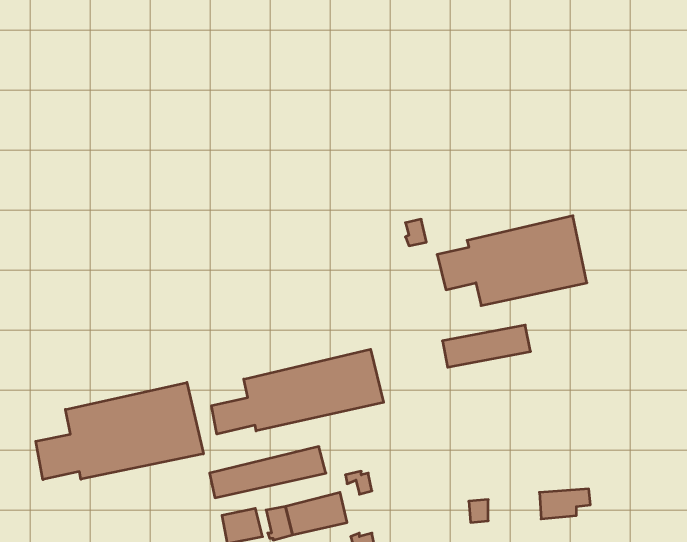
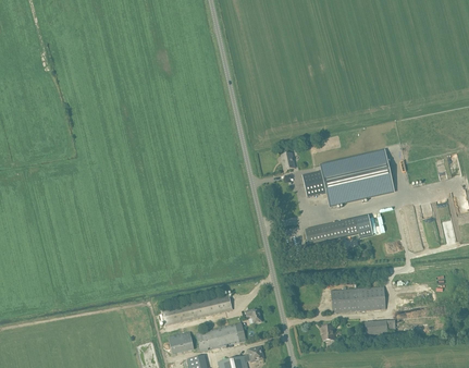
building: [212,349,384,434] -> none
building: [36,382,203,480] -> none
building: none -> [331,285,385,311]

